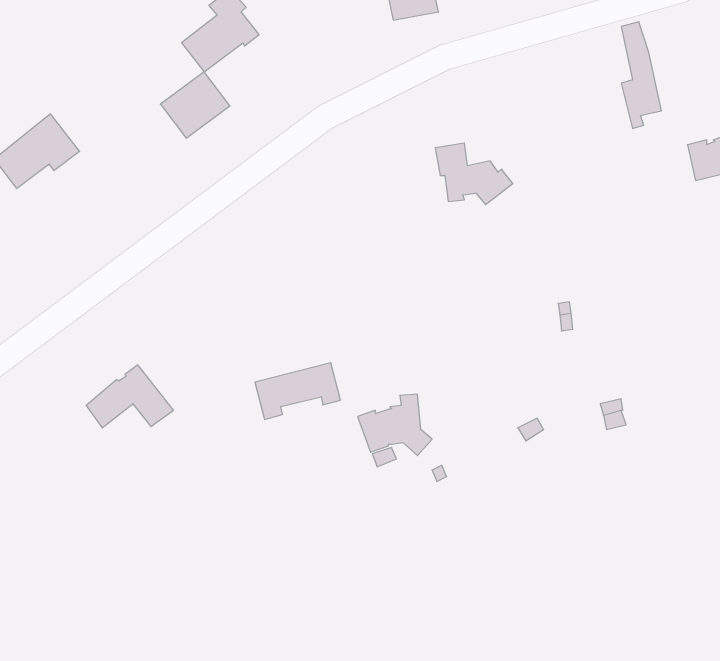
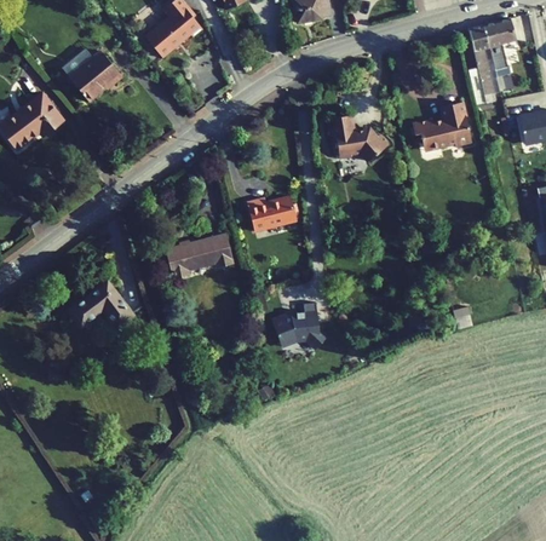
building: none -> [483,18,516,70]
building: [160,72,230,138] -> [62,51,114,100]
building: none -> [413,102,473,149]
building: none -> [248,196,298,231]
building: [255,363,341,419] -> [168,236,232,278]

